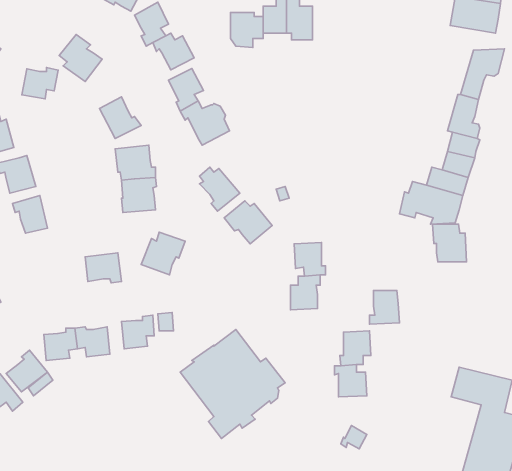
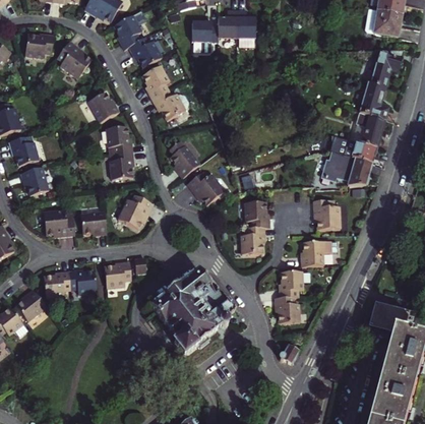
building: [22,68,58,99] -> [24,33,53,57]
building: [433,224,466,262] -> [314,198,341,228]
building: none -> [43,209,74,235]

